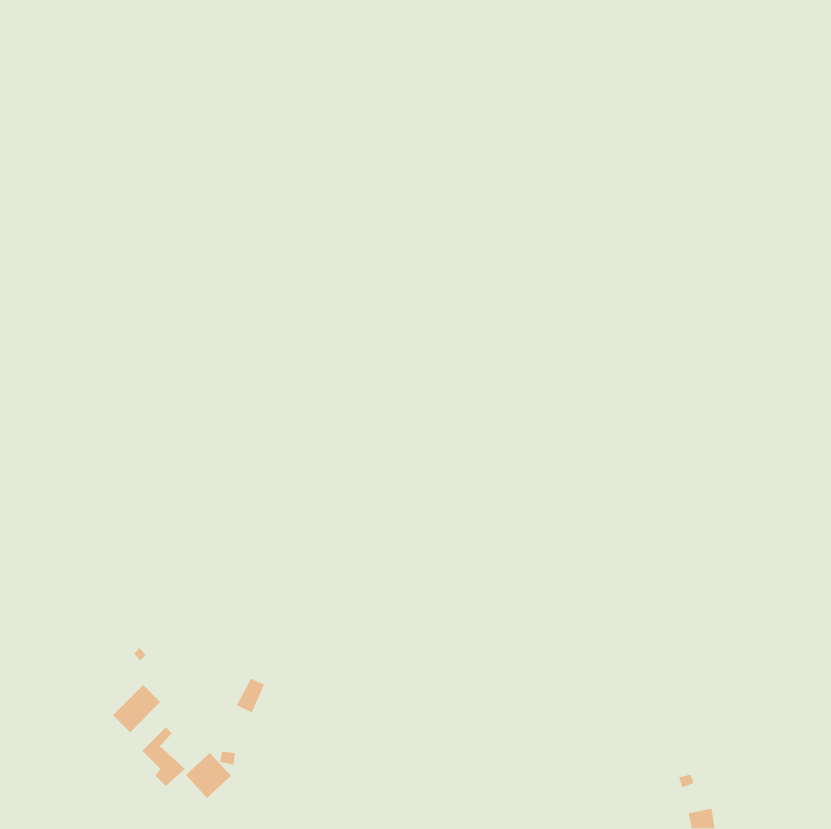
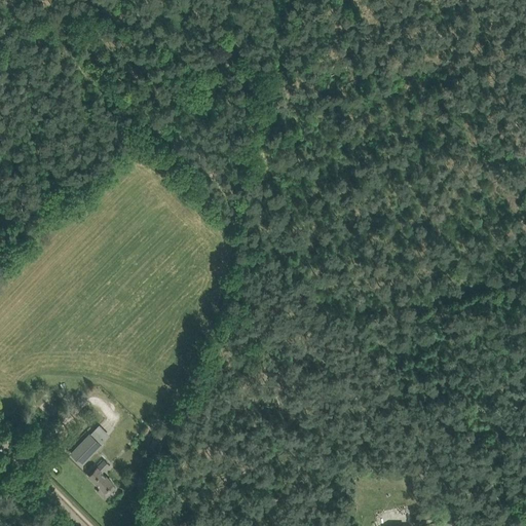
building: [185,752,232,799] -> none

